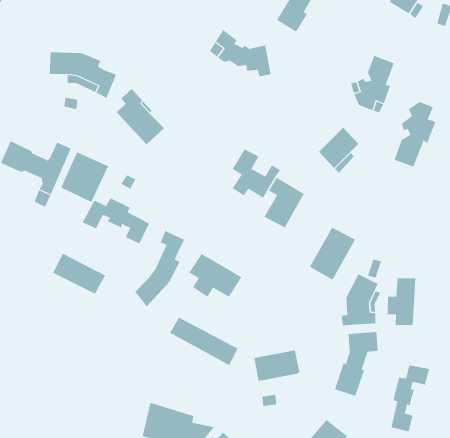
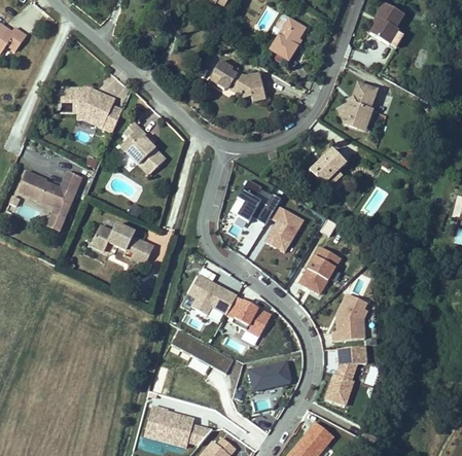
building: [394,101,436,168] -> none
building: [61,151,109,203] -> none
building: [135,230,185,307] -> none
building: [52,253,106,294] -> none
building: none -> [225,291,271,332]
building: [387,277,416,326] -> none
building: [391,365,430,432] -> none

